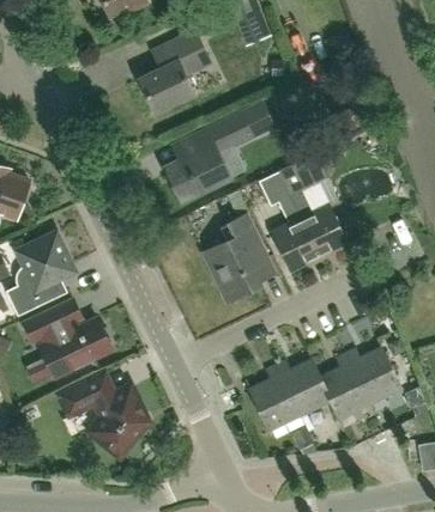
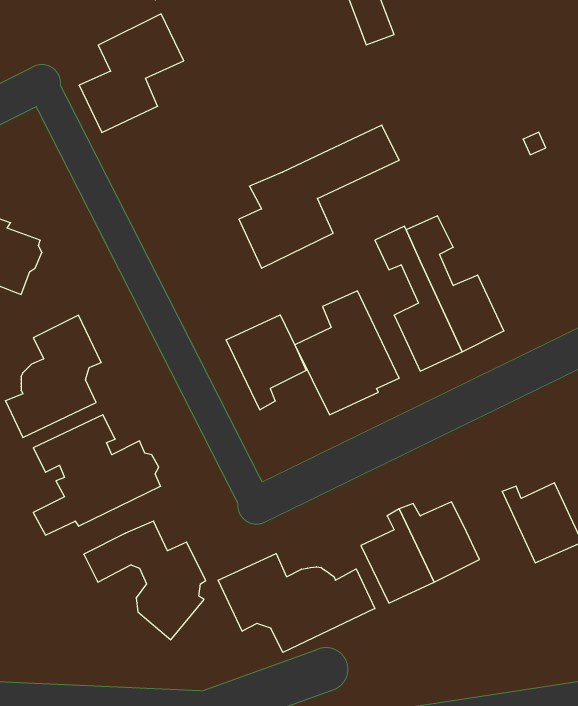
building: [139,30,211,111] -> [79,14,184,132]
building: none -> [226,315,306,410]
building: [320,353,369,416] -> none
building: none -> [218,554,375,652]

